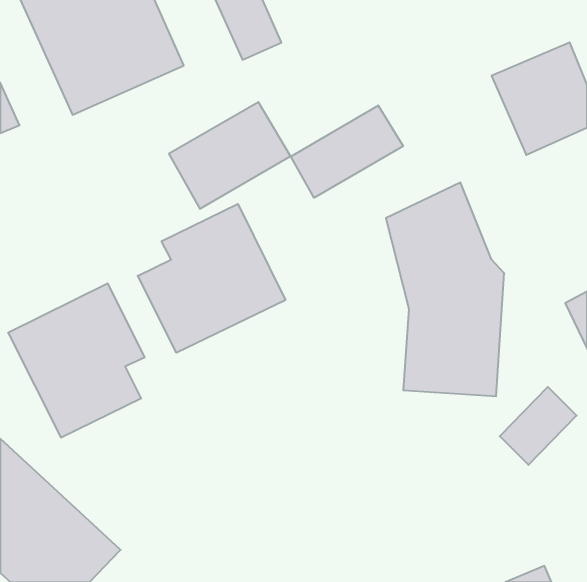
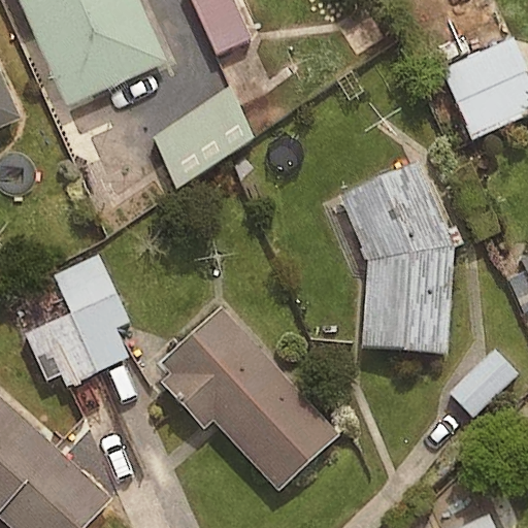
building: [291,105,403,198] -> none
building: [138,204,285,353] -> none
building: none -> [156,300,337,486]

